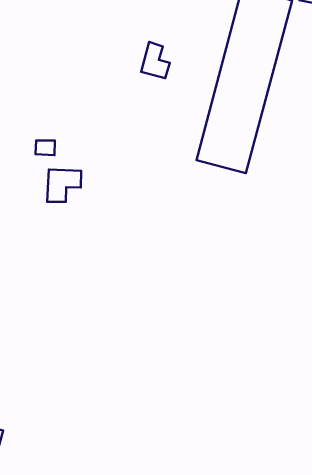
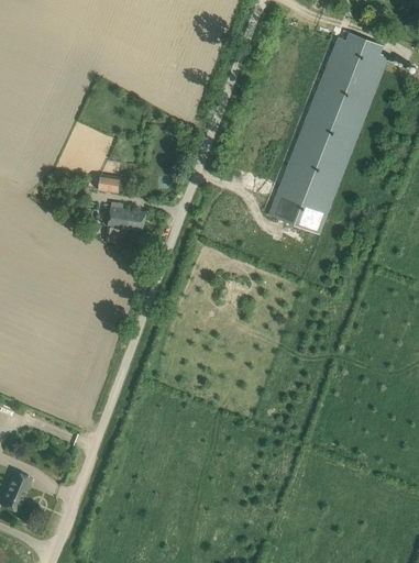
building: [141,42,170,78] -> none

